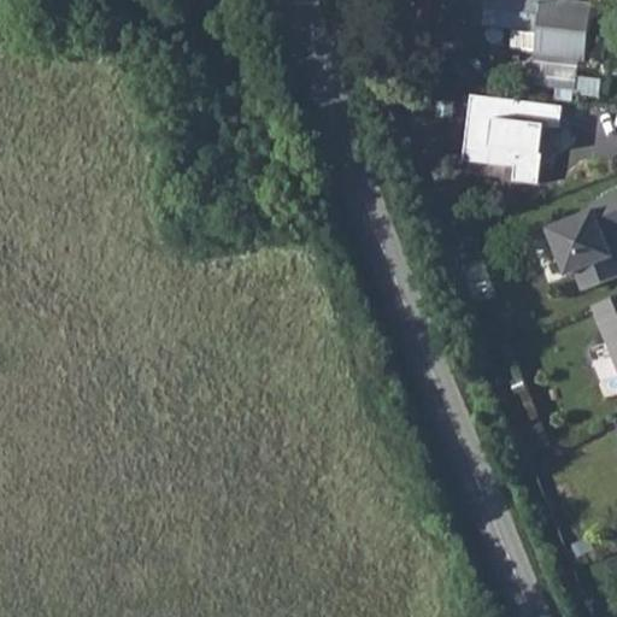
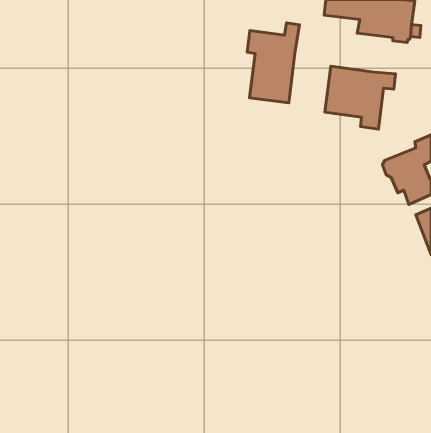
building: none -> [247,23,299,103]
building: [531,51,578,88] -> none

